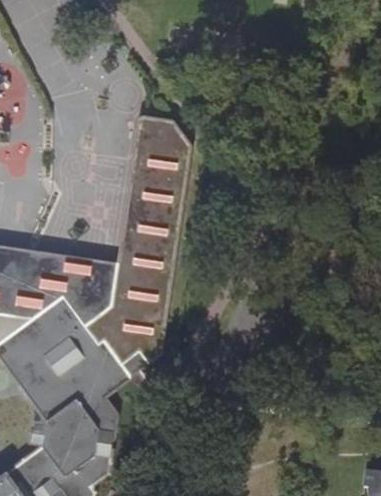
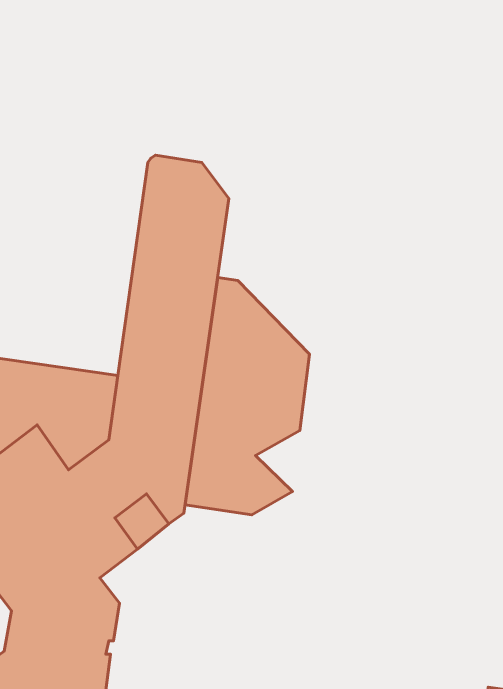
building: none -> [185,278,309,515]

